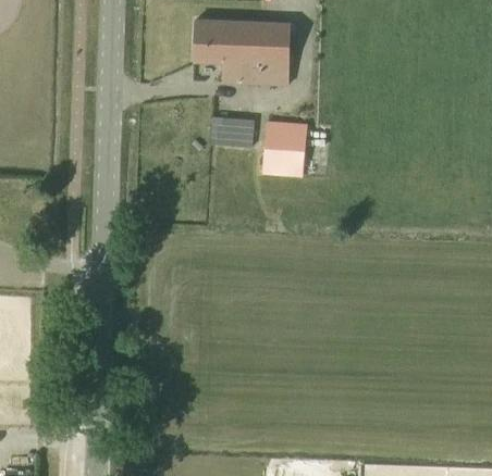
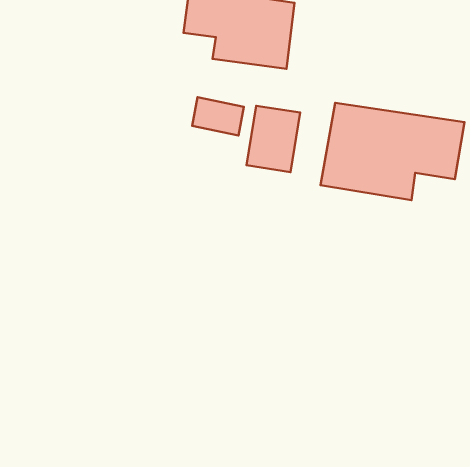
building: none -> [320,103,465,200]

